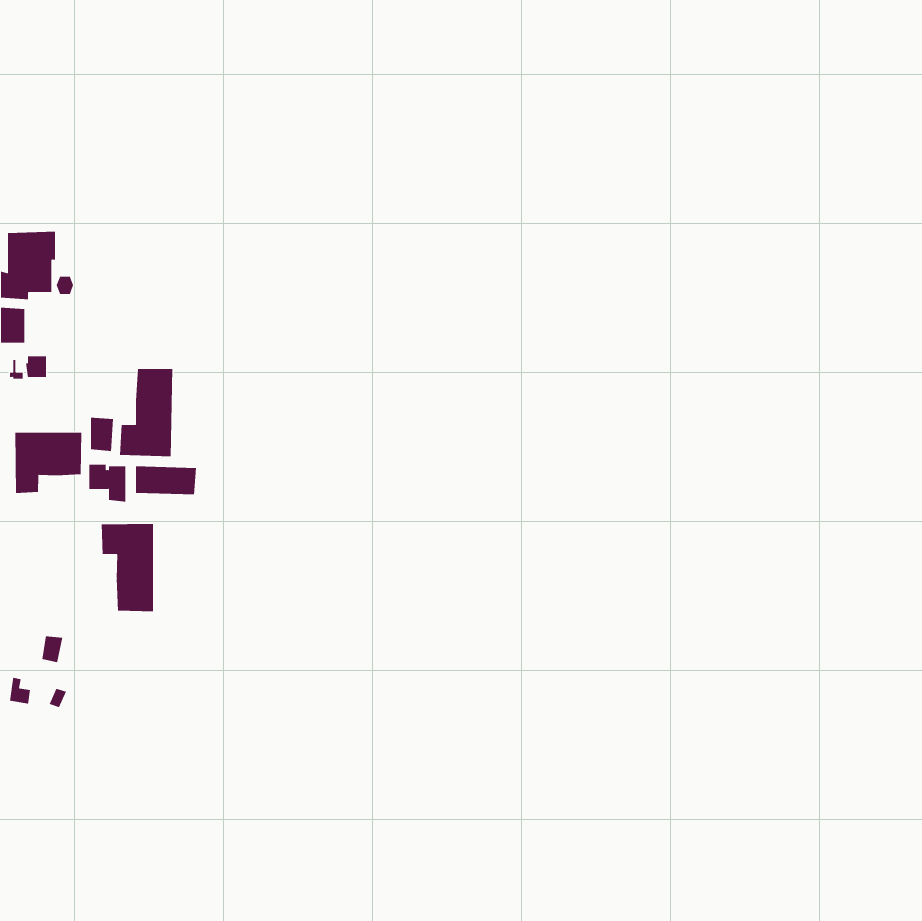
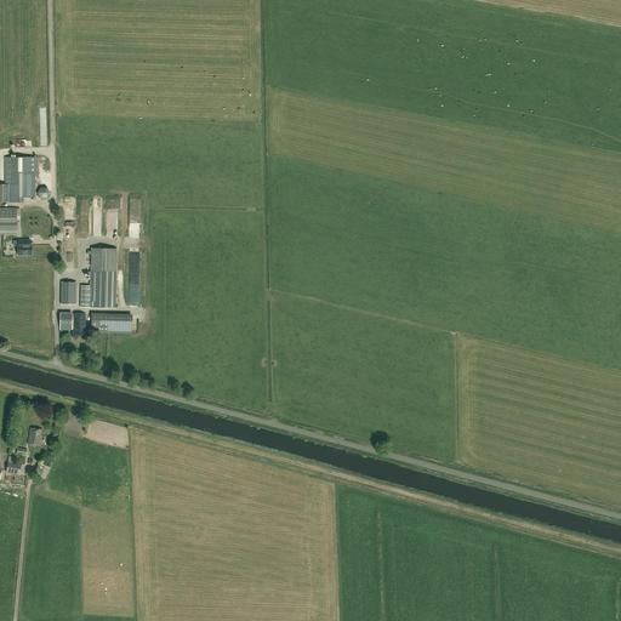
building: [15,432,82,494] -> none
building: [101,523,153,612] -> none

